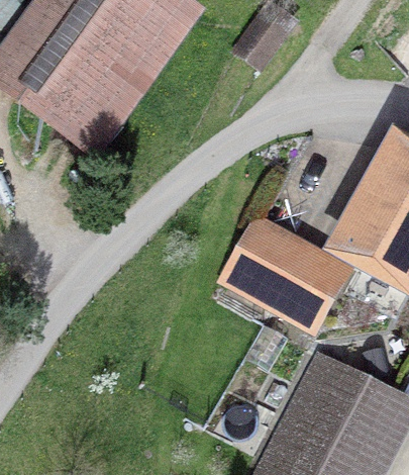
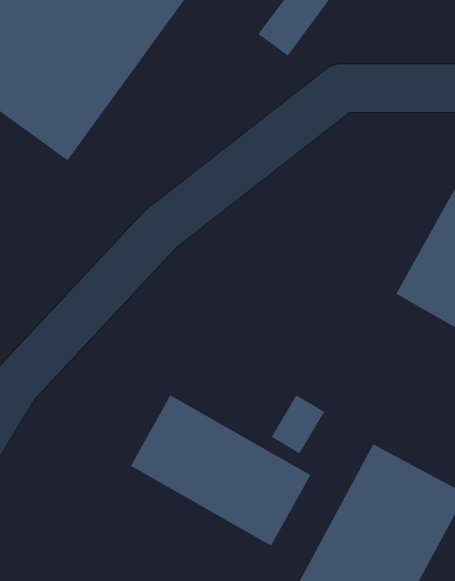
building: [229,223,339,322] -> none
building: none -> [130,394,311,547]

